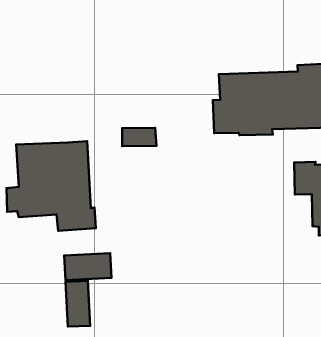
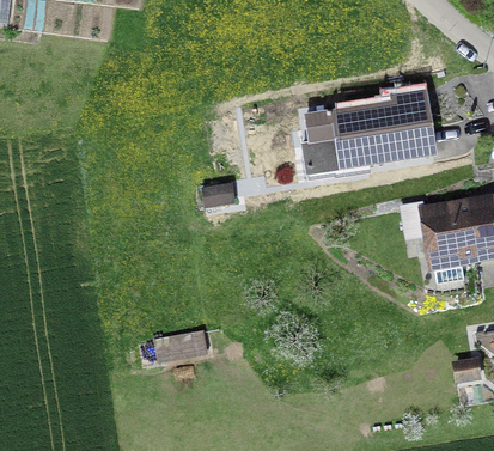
building: [6,141,96,231] -> none
building: [66,281,90,327] -> none

